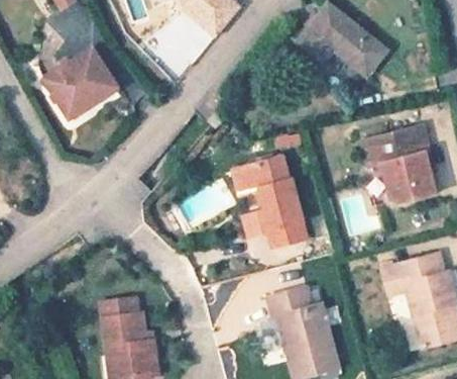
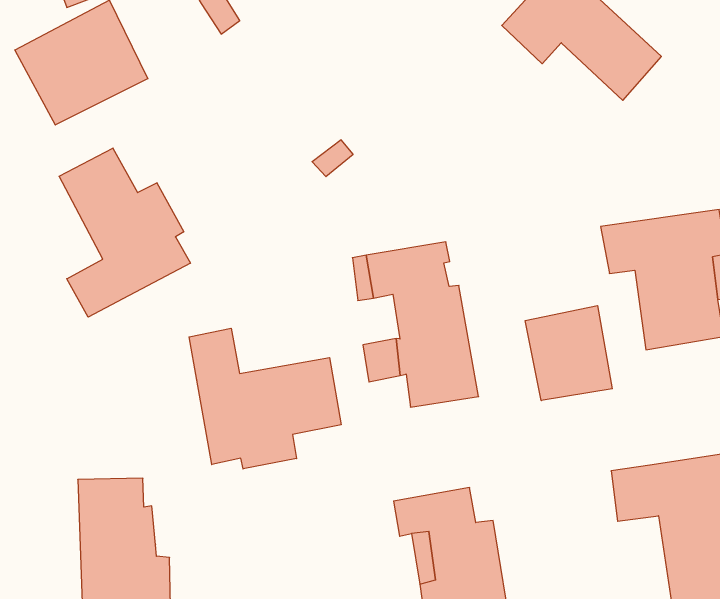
building: none -> [59,148,190,317]
building: none -> [525,306,612,401]
building: none -> [189,328,341,469]

